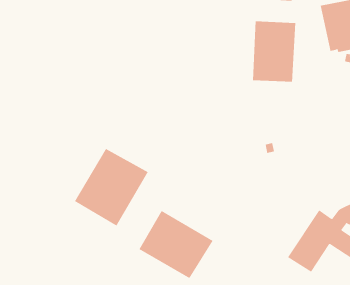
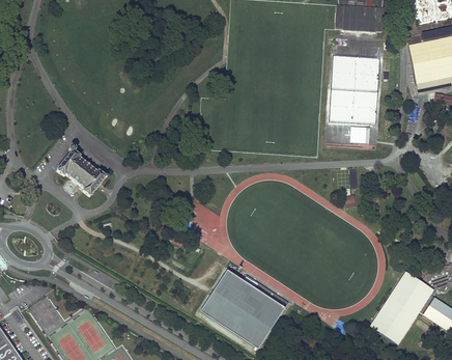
building: none -> [56,145,106,195]
building: [74,148,148,226] -> none

